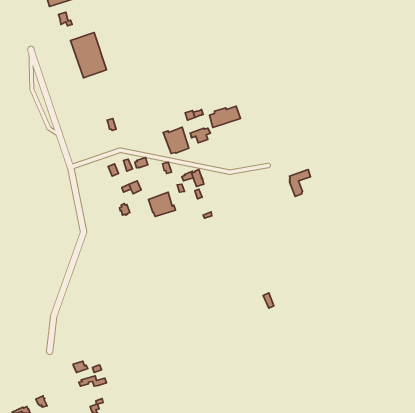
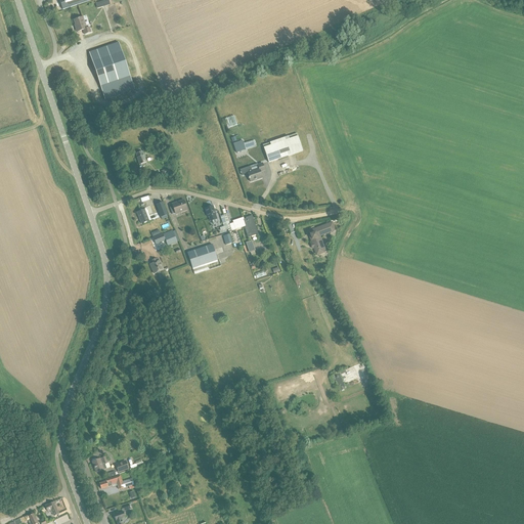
building: [163,127,189,154] -> none
building: [290,170,311,196] -> [309,220,336,254]

